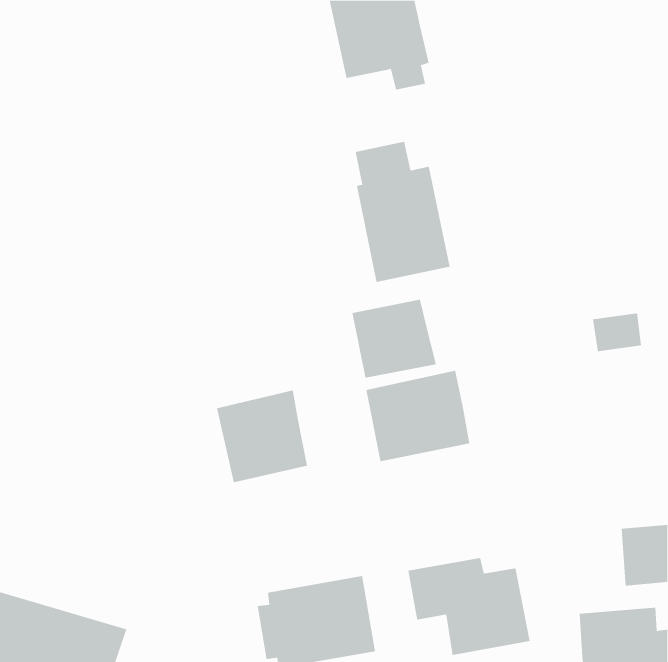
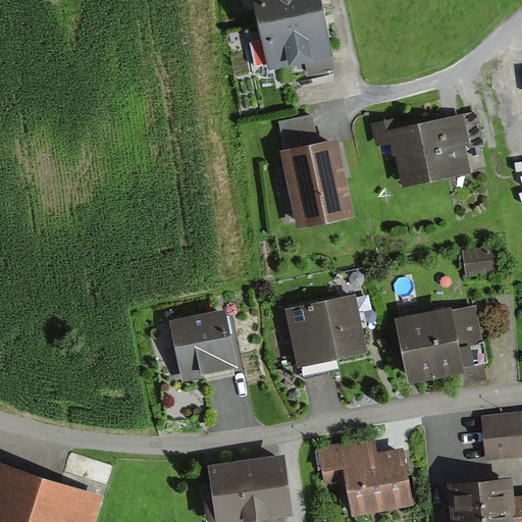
building: none -> [371,114,481,186]
building: [352,299,436,379] -> none
building: none -> [394,307,488,390]

